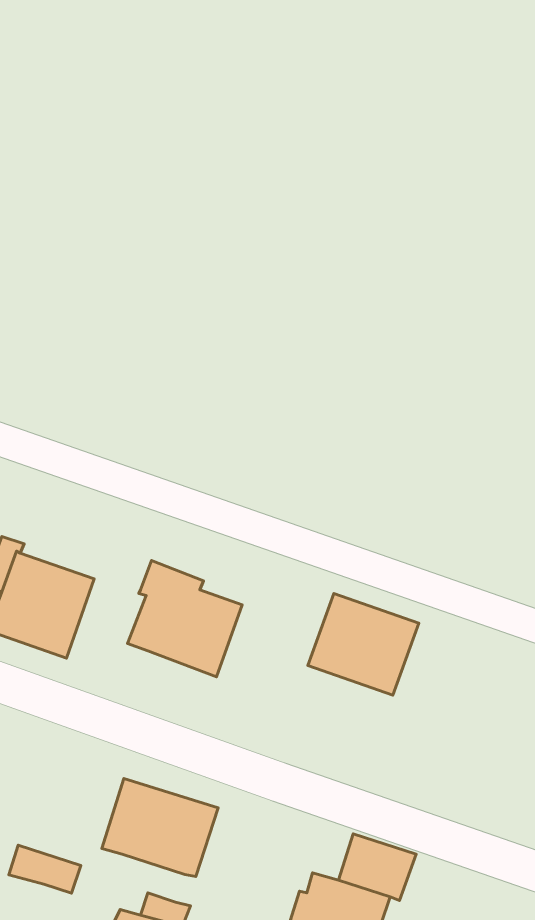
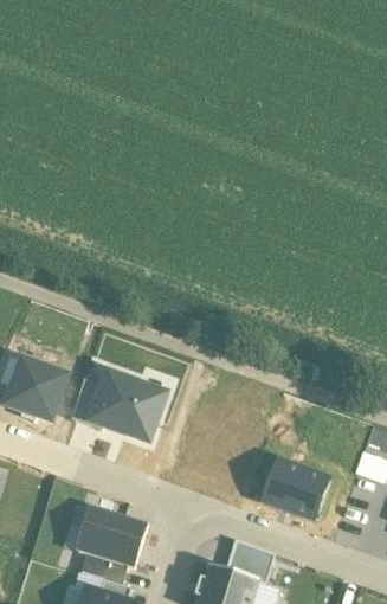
building: none -> [67,378,103,429]
building: [308,593,419,695] -> [259,457,330,522]
building: [9,845,81,893] -> [80,553,127,584]

